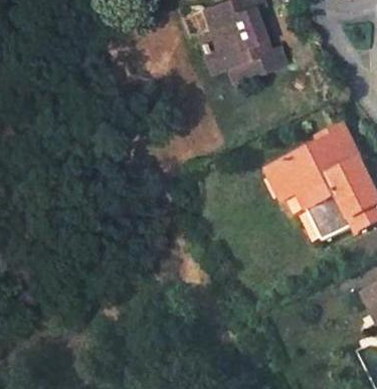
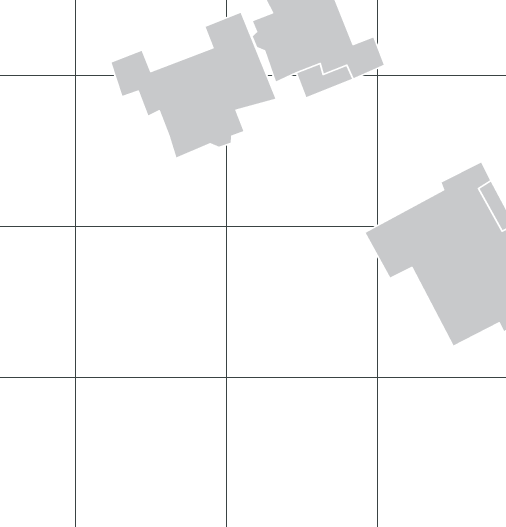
building: none -> [111,12,276,159]

